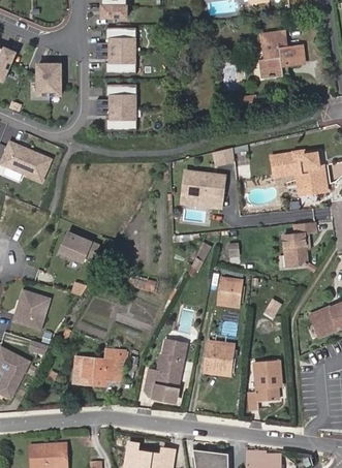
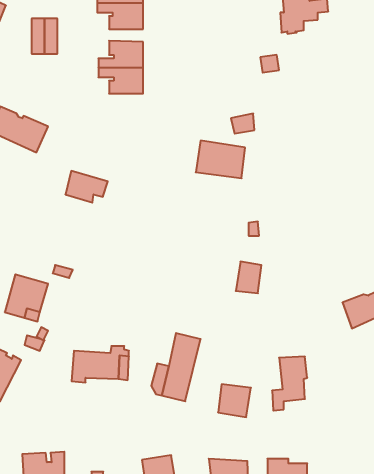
building: [272,149,328,192] -> none
building: [281,220,315,268] -> none
building: [60,237,97,264] -> [65,171,108,203]
building: [203,341,231,370] -> [218,384,251,417]

